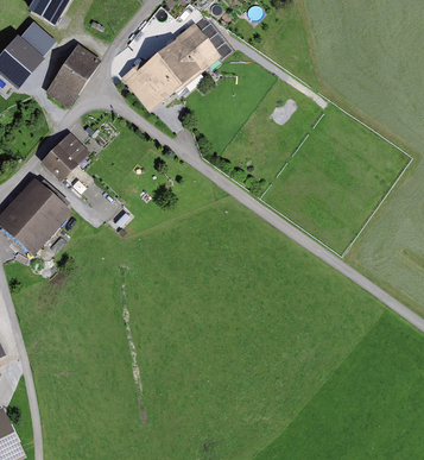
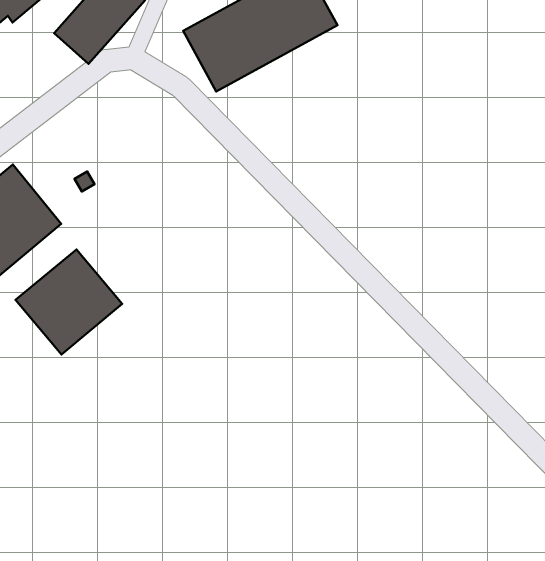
building: [44,133,89,179] -> none
building: none -> [16,249,122,354]

